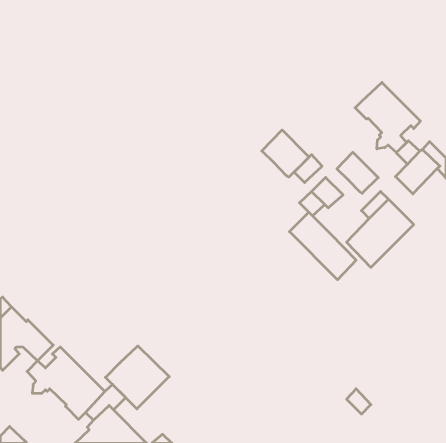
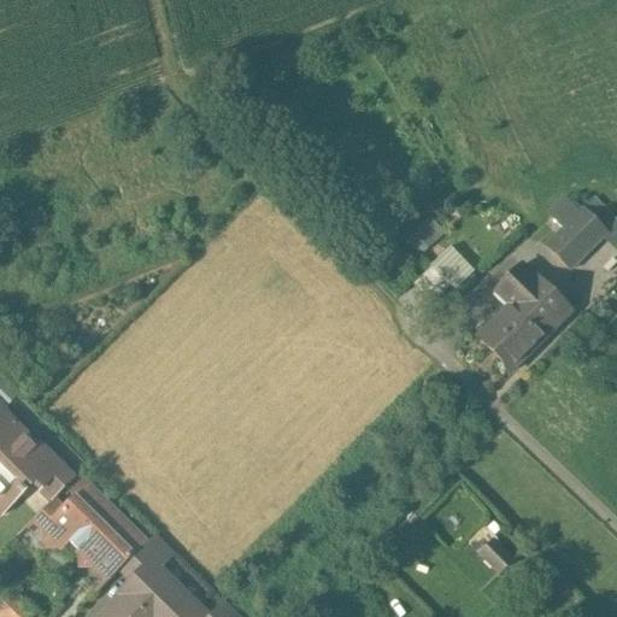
building: [355,82,420,153] -> none
building: [262,130,309,177] -> none
building: [337,152,378,193] -> none
building: [289,212,356,280] -> none
building: [105,346,169,409] -> none

